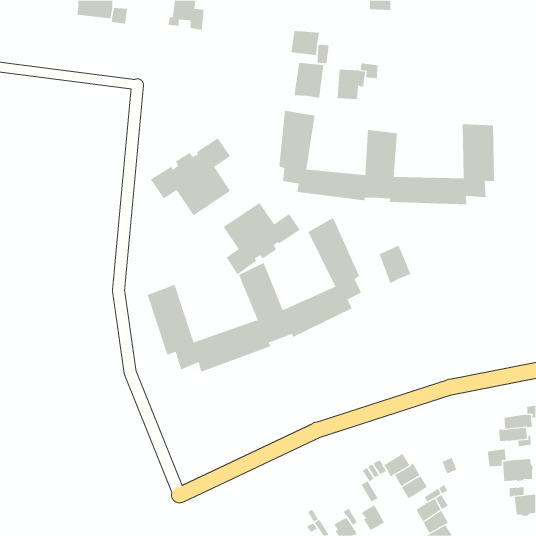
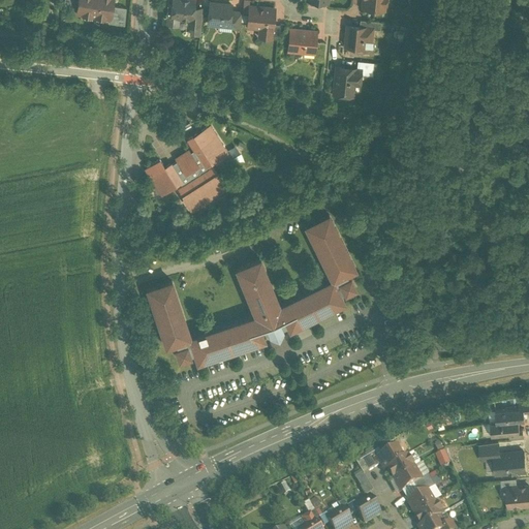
building: none -> [208,4,241,30]
building: none -> [248,8,274,40]
building: none -> [345,29,371,49]
building: [294,62,324,99] -> none
building: [279,110,494,205] -> none
building: [223,202,301,275] -> none
building: [379,245,411,284] -> none

